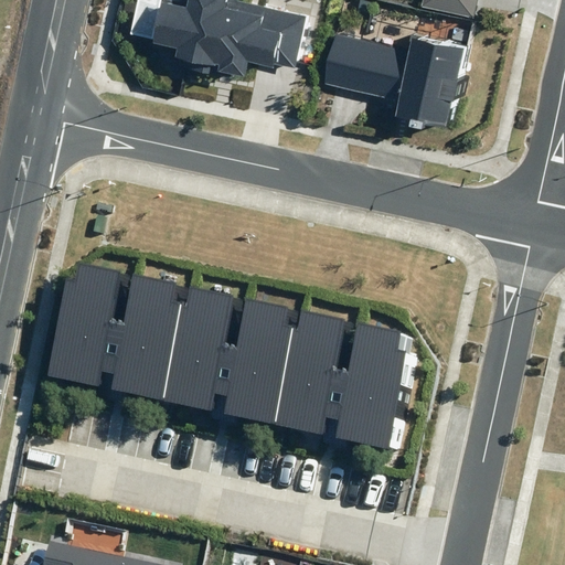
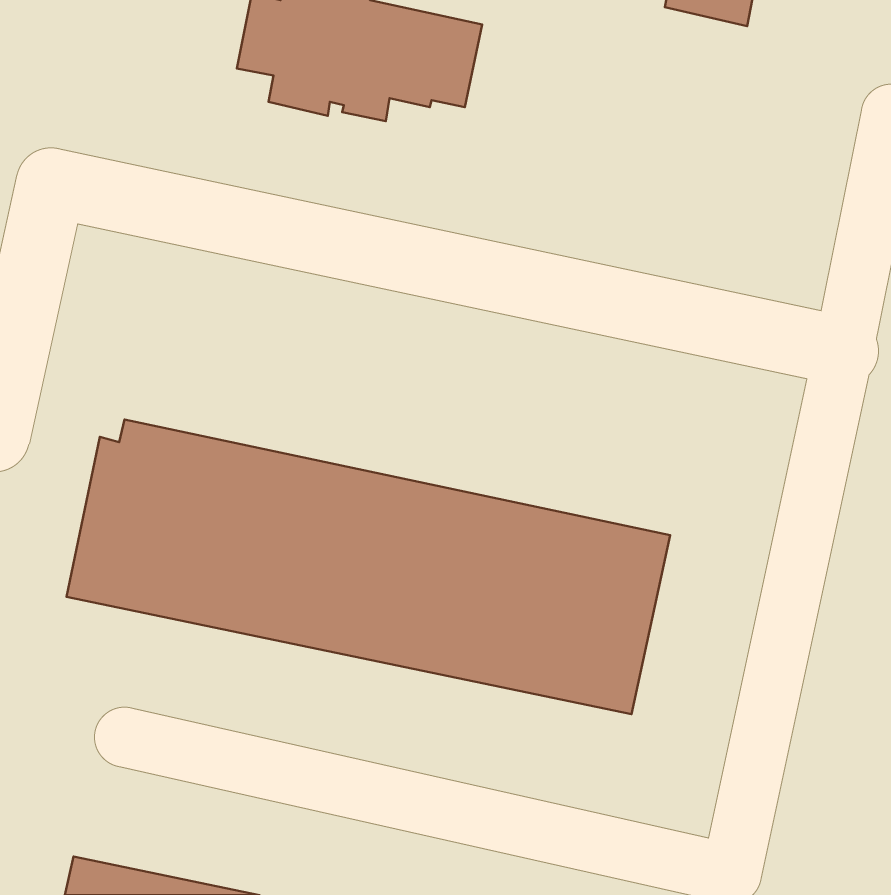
building: [323,31,468,126] -> none

